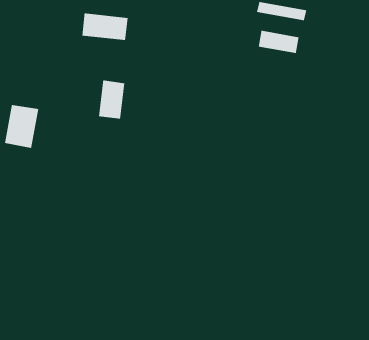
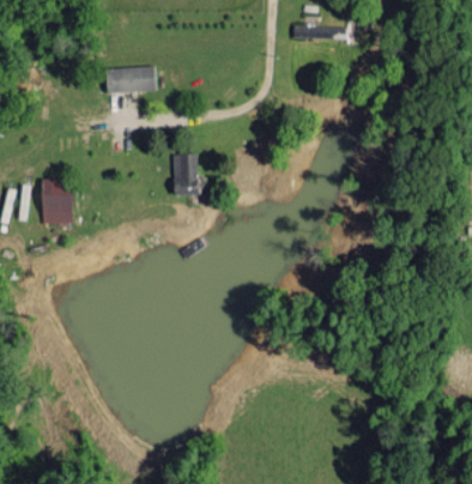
building: [258,30,299,54] -> none
building: [98,80,125,119] -> [173,155,199,195]

